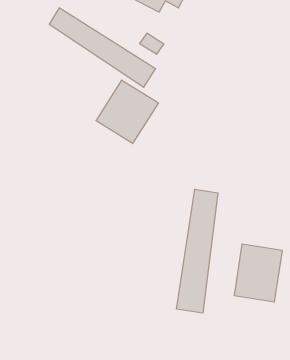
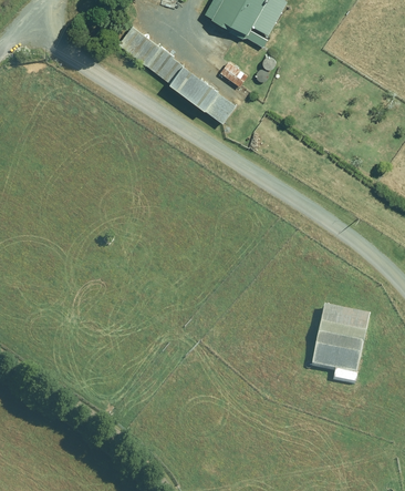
building: [96,80,158,144] -> none
building: [177,189,218,313] -> none

